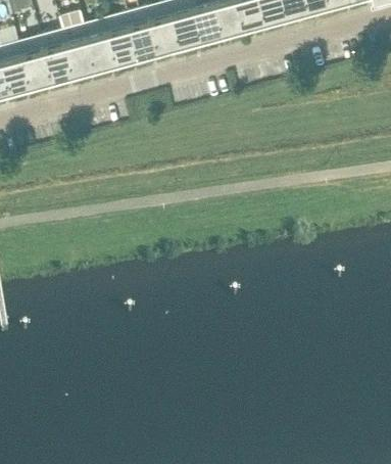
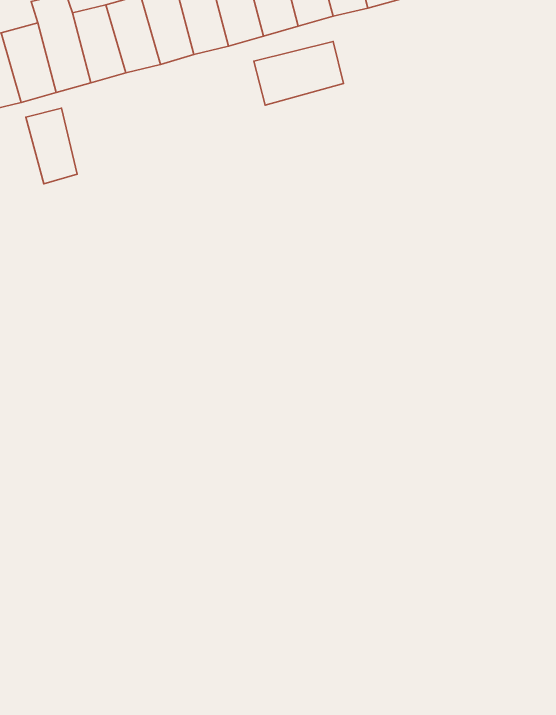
building: none -> [254,41,344,105]
building: none -> [26,108,77,184]

